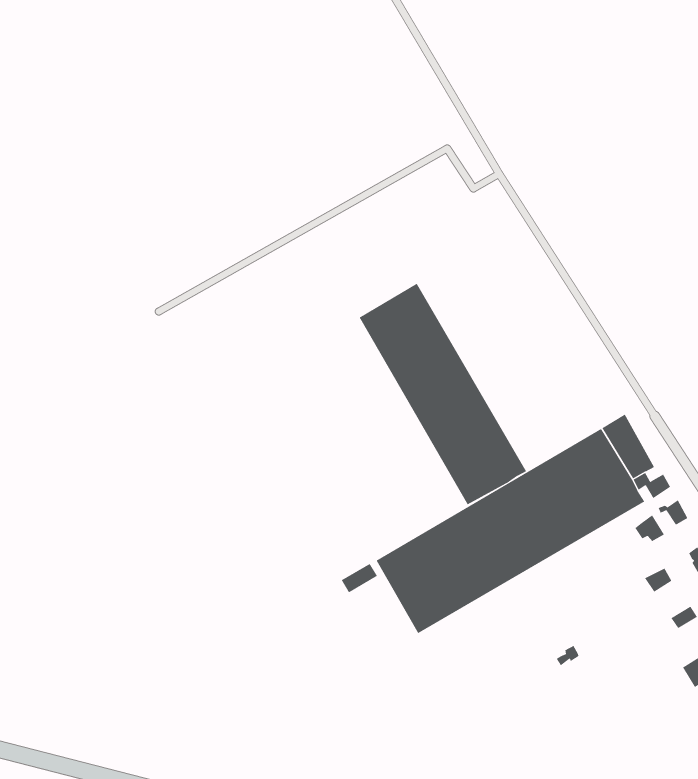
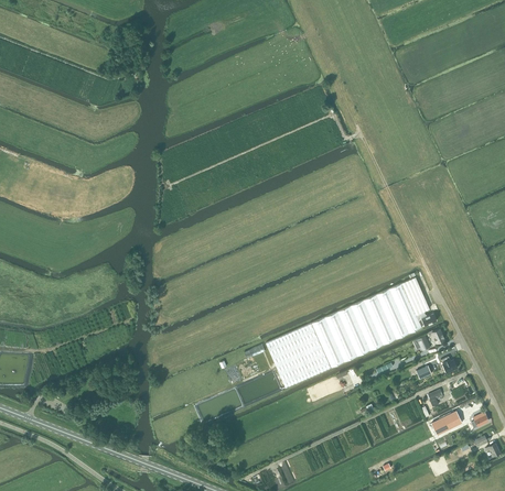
building: [359,283,527,505] -> none

